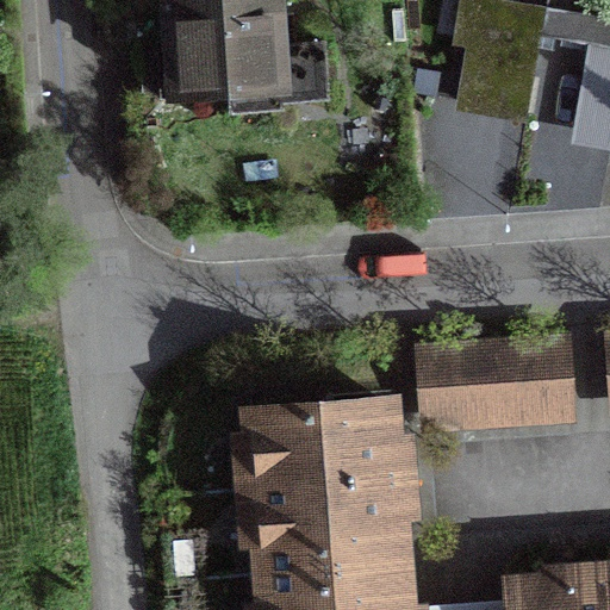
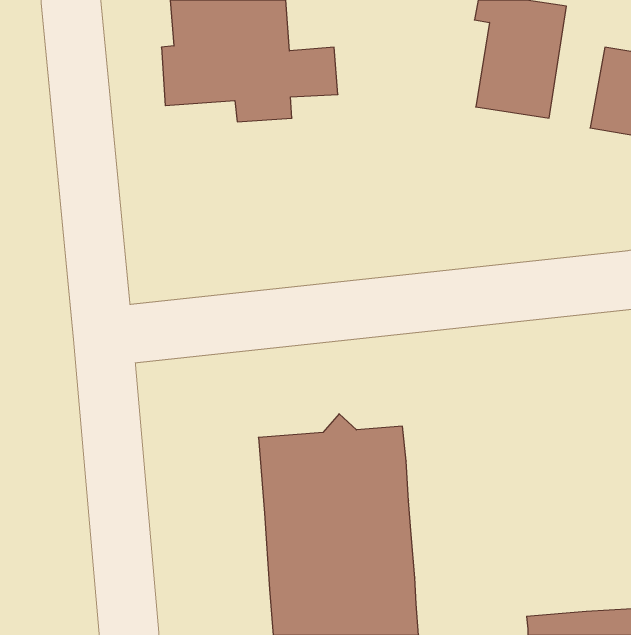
building: [422,346,568,415] -> none

